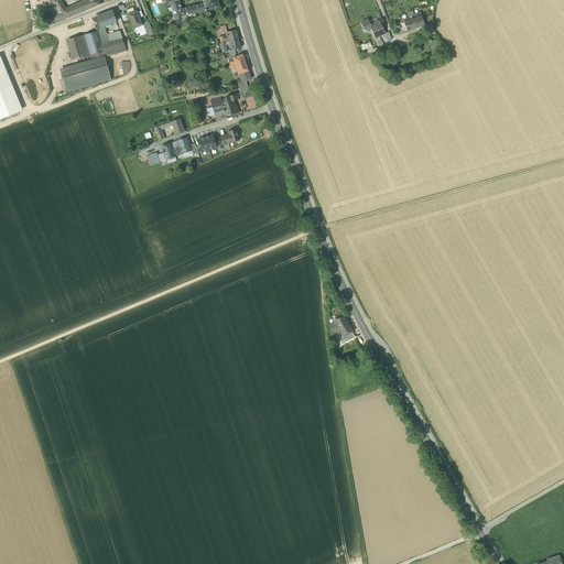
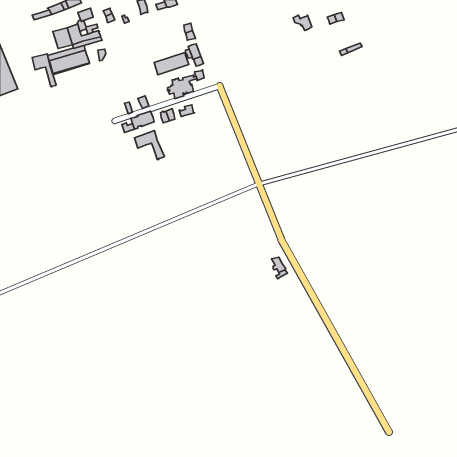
building: none -> [154,53,189,75]
building: none -> [32,54,56,87]
building: none -> [134,131,165,160]

